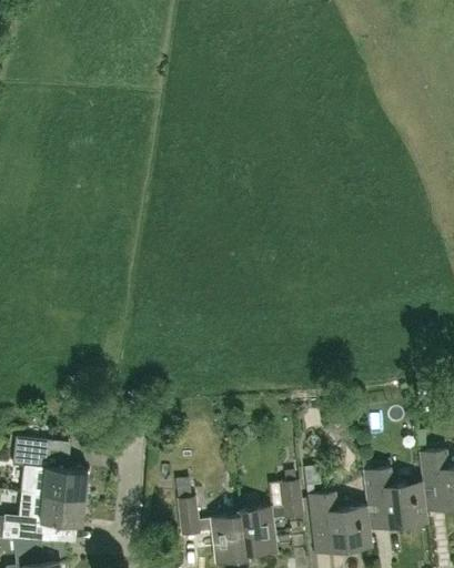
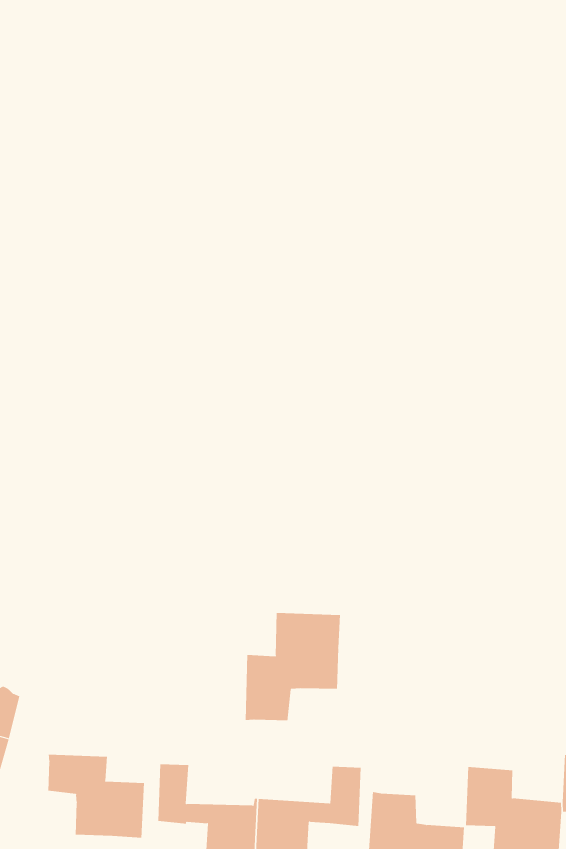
building: none -> [245,612,340,721]
building: none -> [48,754,145,838]

